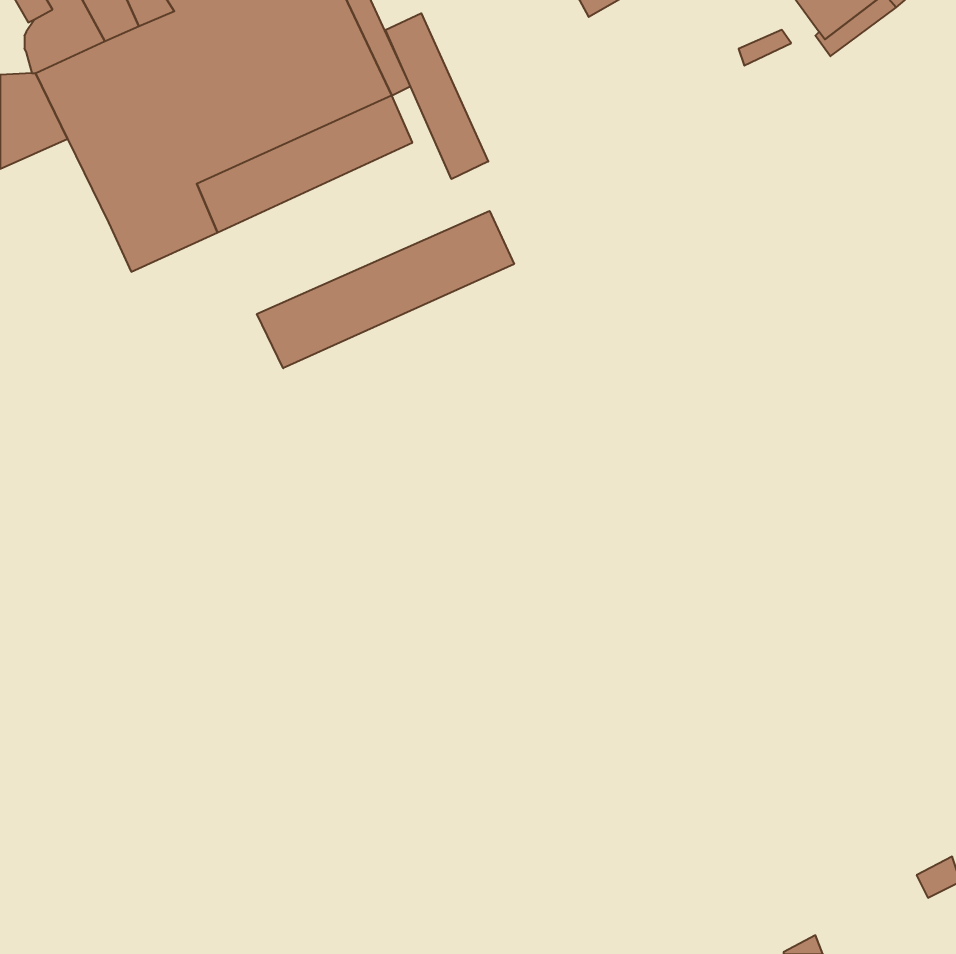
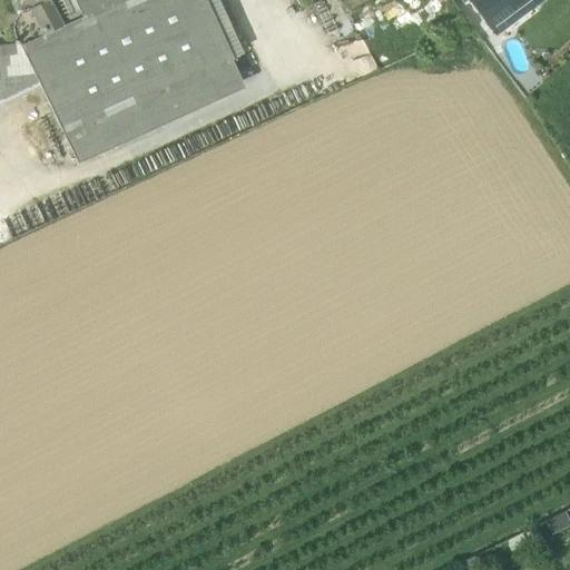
building: [386,13,488,179] -> none
building: [257,211,514,368] -> none

